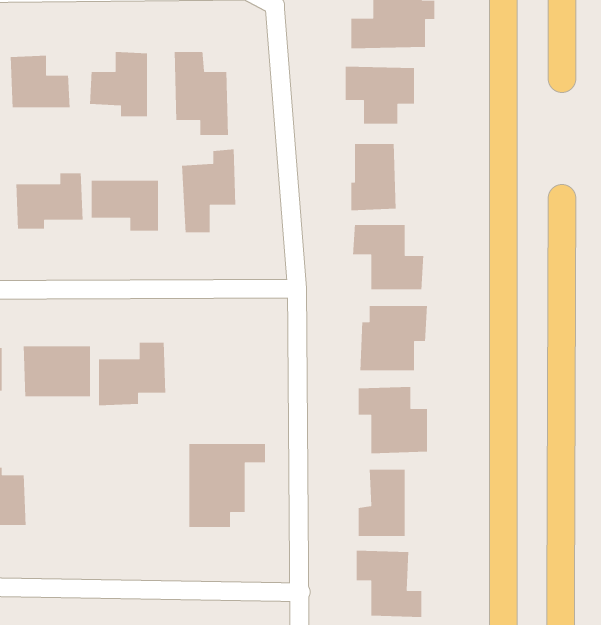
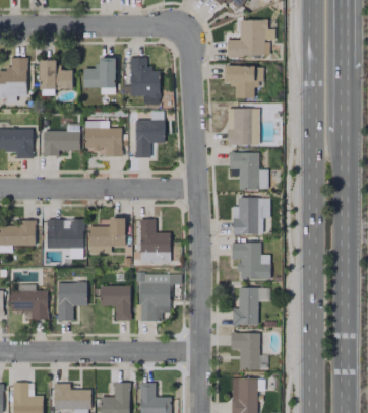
building: none -> [140,219,171,263]
building: none -> [58,283,87,322]
building: none -> [100,286,130,322]

